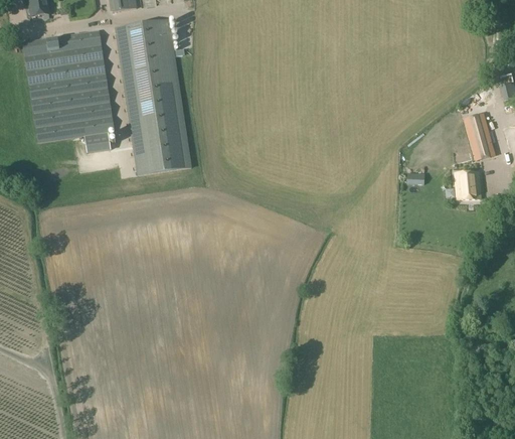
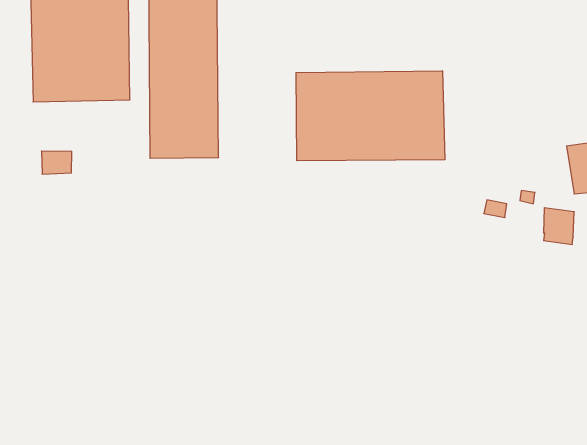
building: none -> [296,71,445,161]
building: [84,133,111,154] -> [41,151,72,174]

